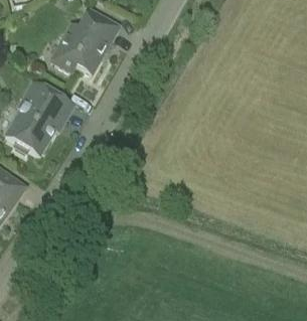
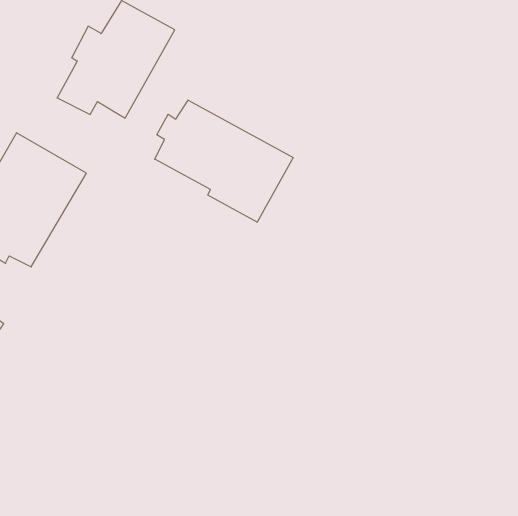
building: none -> [155,100,293,222]

